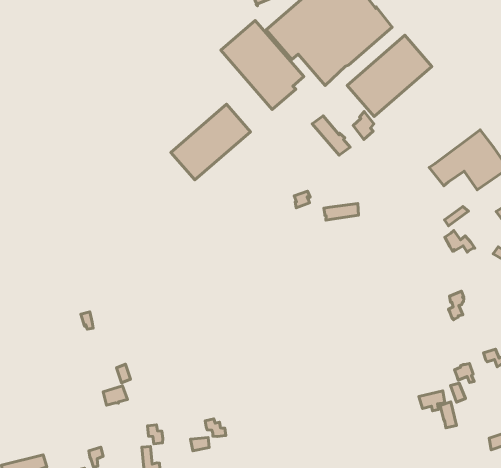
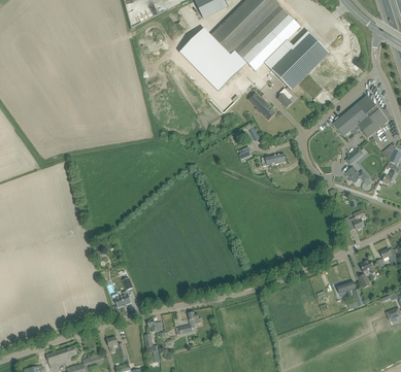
building: [171,104,250,180] -> none

